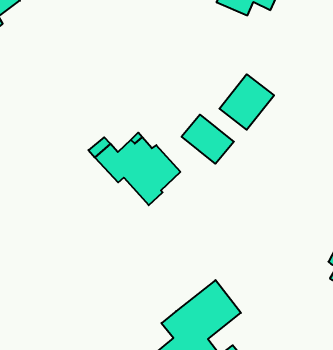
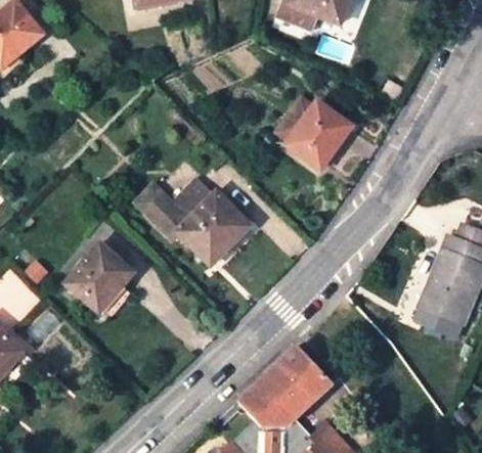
building: [182,115,234,164] -> none
building: none -> [67,243,133,310]

